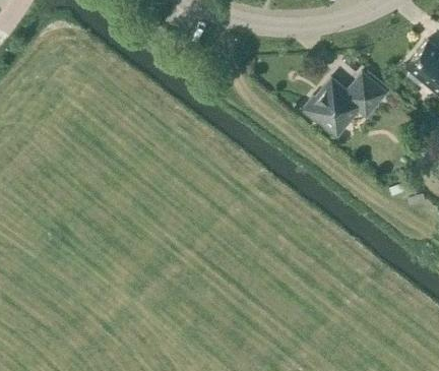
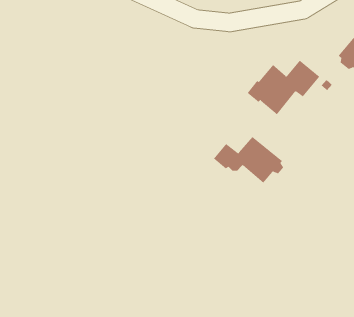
building: none -> [213,136,284,184]

